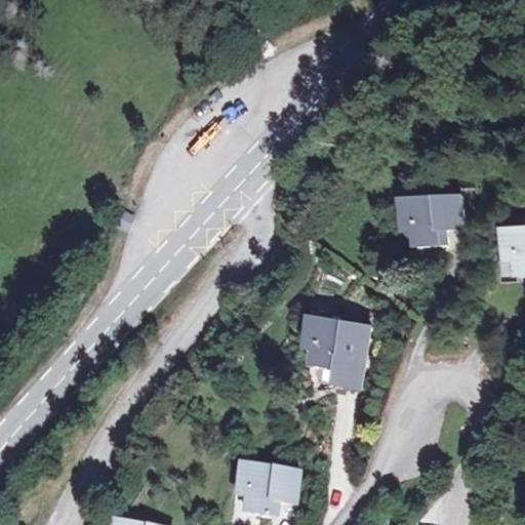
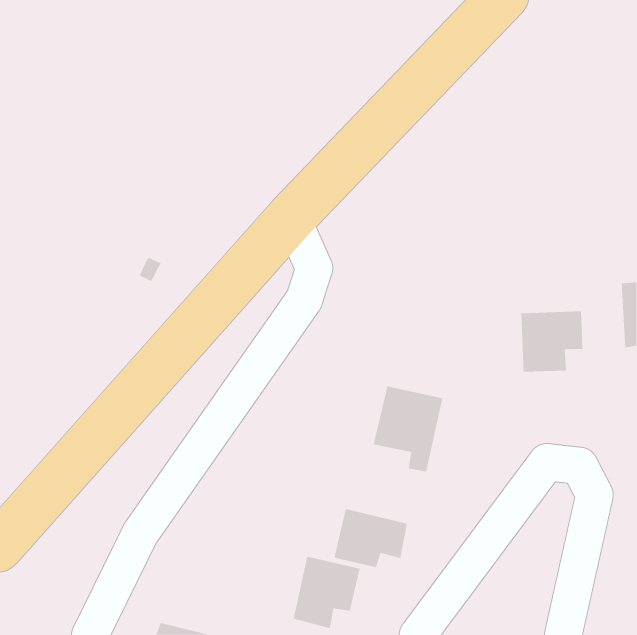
building: [408,197,459,247] -> [520,311,583,372]
building: none -> [334,508,407,568]

